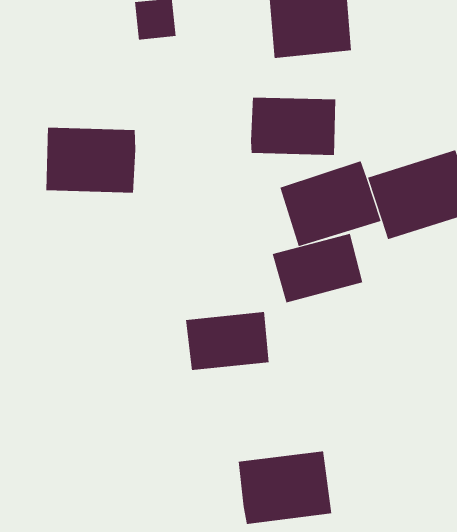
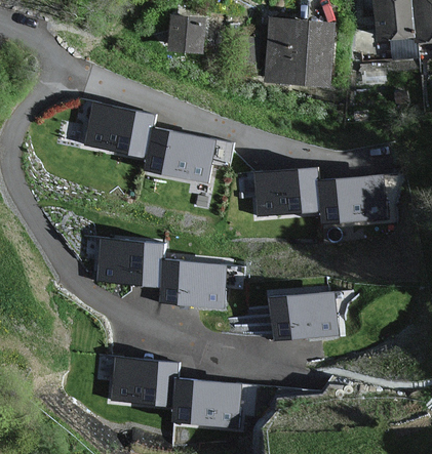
building: [250,97,336,155] -> [144,130,213,183]
building: [272,233,363,303] -> [274,293,338,336]
building: none -> [103,241,162,283]
building: none -> [116,354,188,406]

